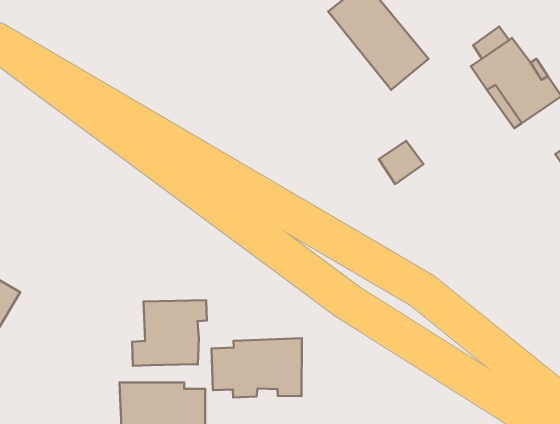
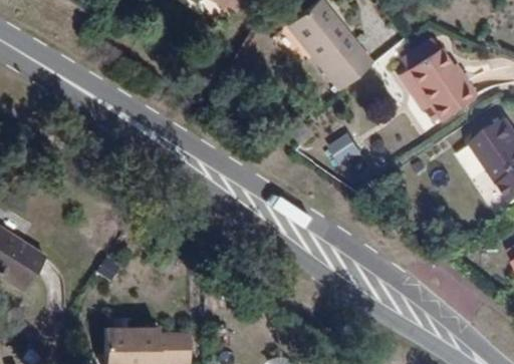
building: [132,300,207,366] -> none
building: [211,338,302,398] -> none

